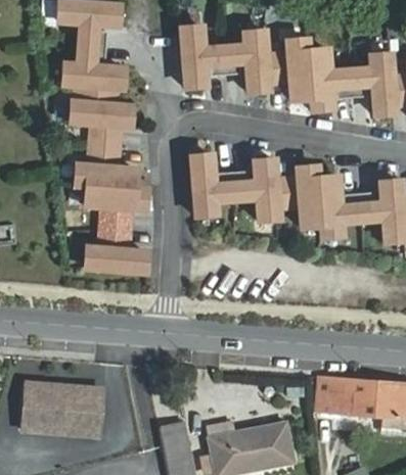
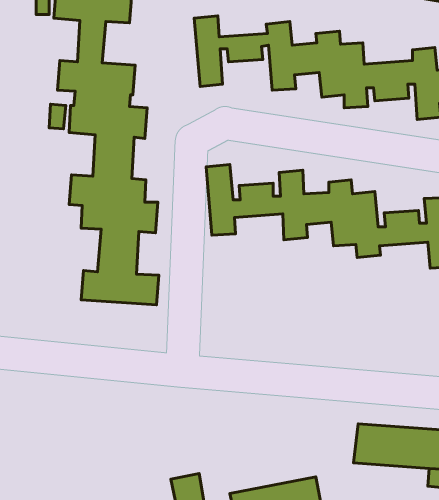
building: [24,381,102,432] -> none

